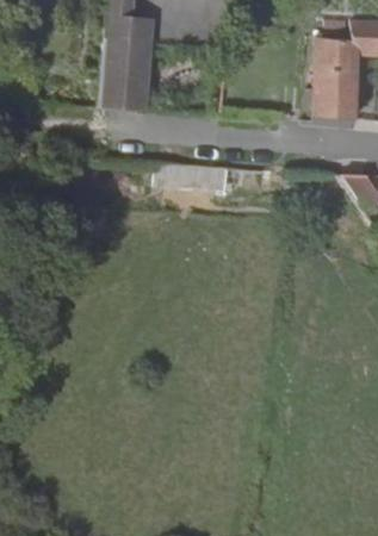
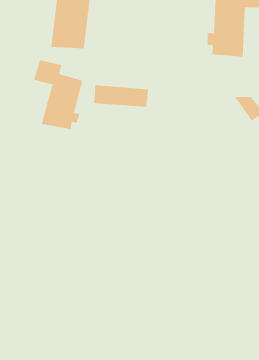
building: none -> [34,60,83,130]

